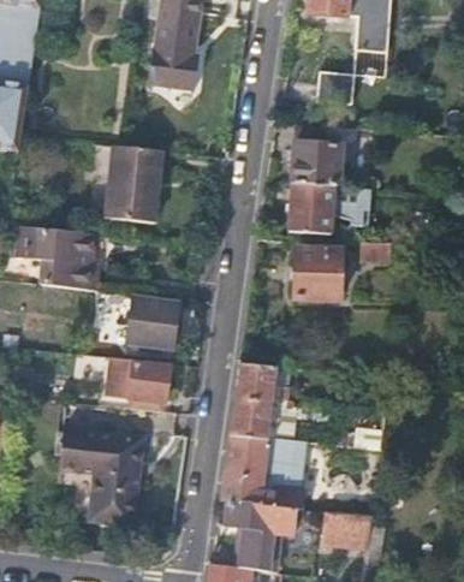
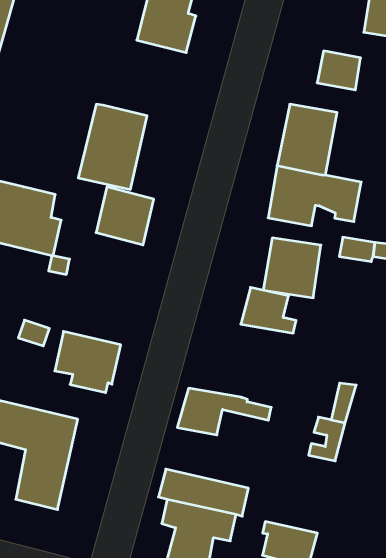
building: [126,299,176,349] -> [96,187,154,245]
building: [236,363,286,400] -> [241,287,296,333]
building: [224,435,307,483] -> none

